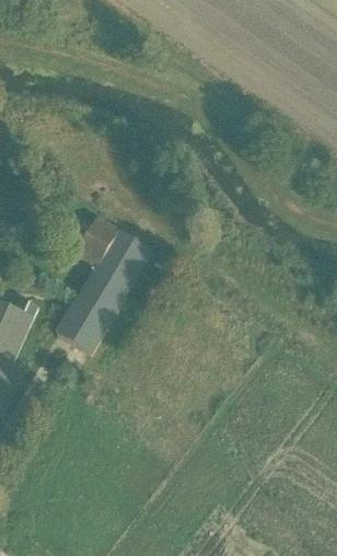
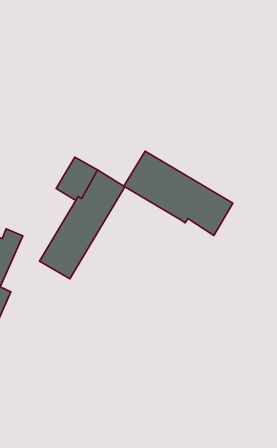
building: none -> [124,151,233,235]

